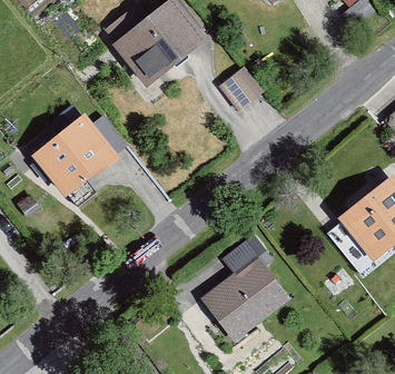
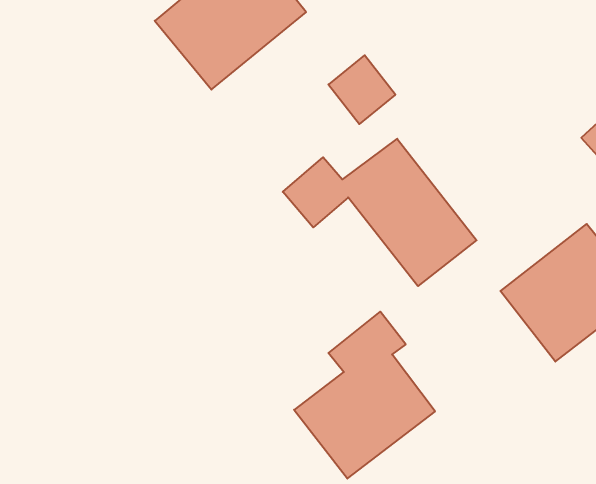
building: [30,117,115,199] -> none
building: none -> [283,139,477,286]

